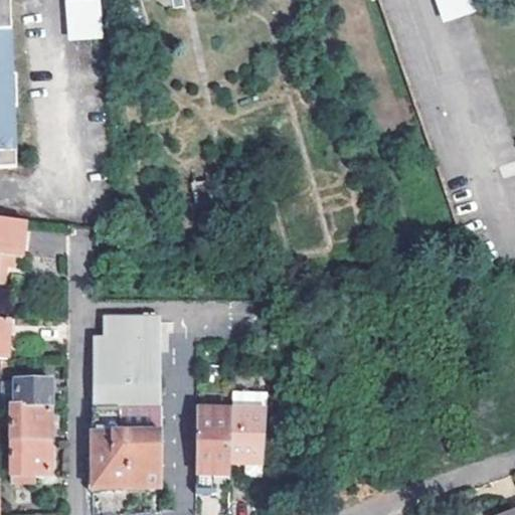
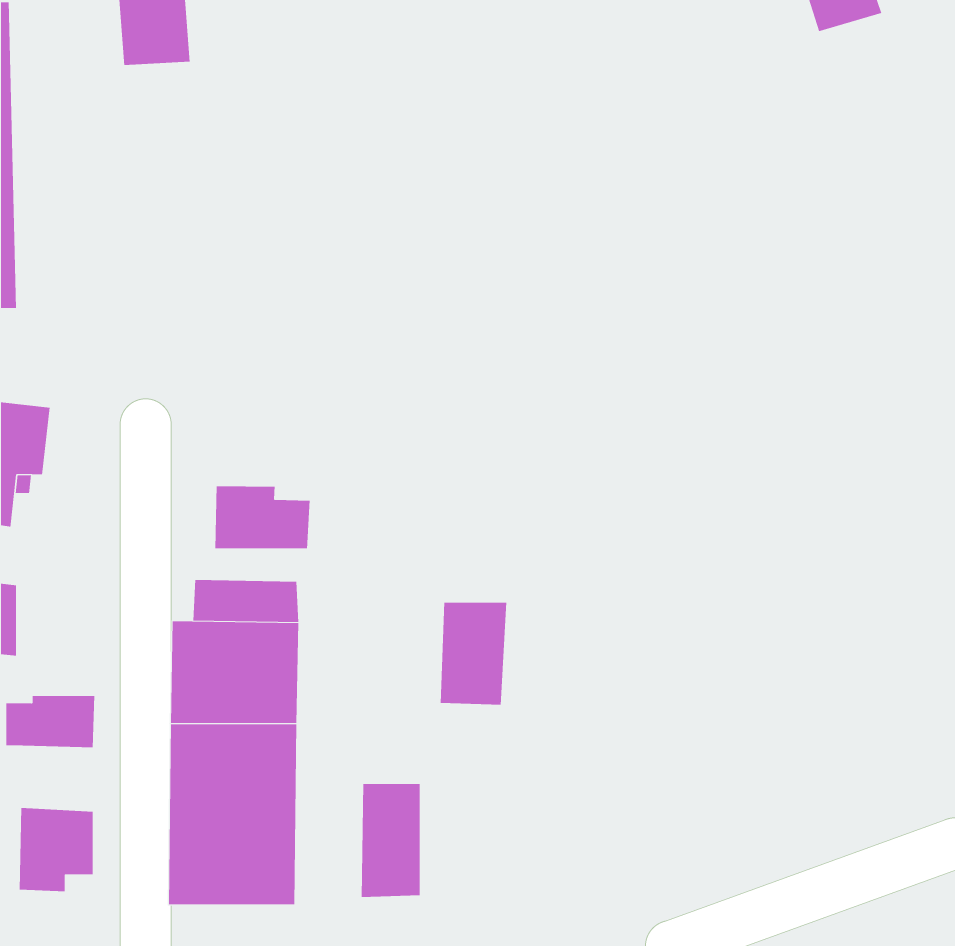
building: none -> [215,486,310,549]
building: [11,401,50,437] -> none
building: [229,407,266,463] -> [440,602,507,705]

